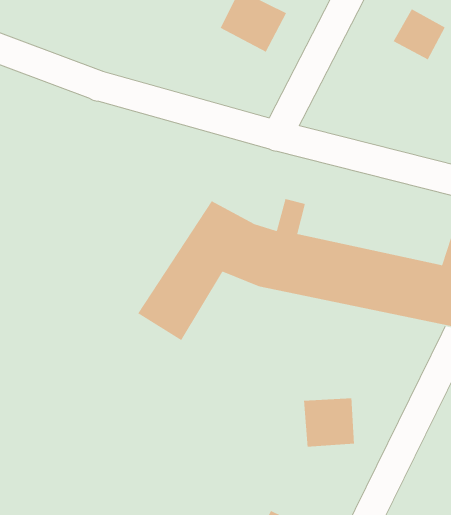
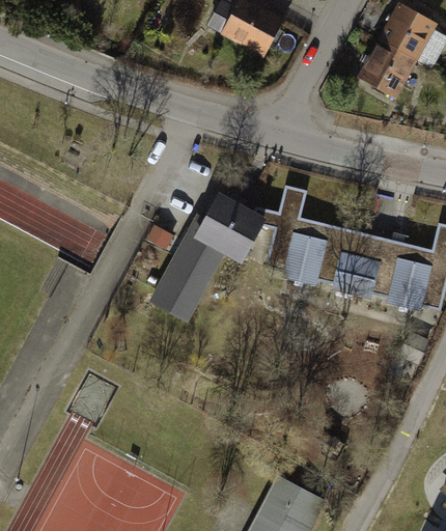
building: none -> [367,41,418,90]
building: [303,398,355,447] -> none

